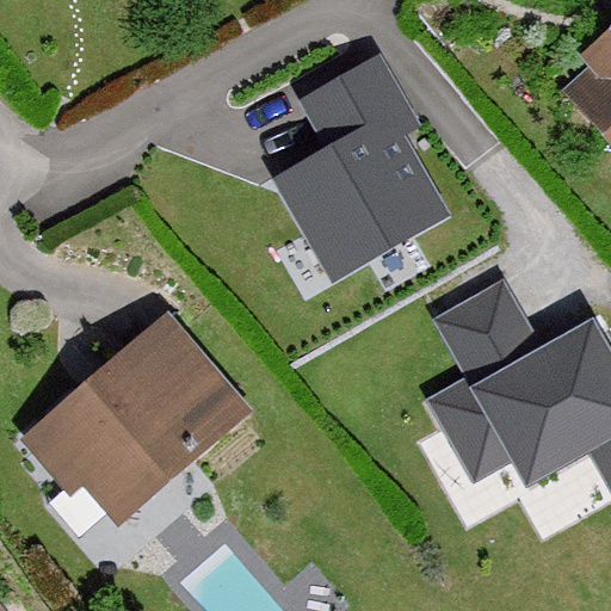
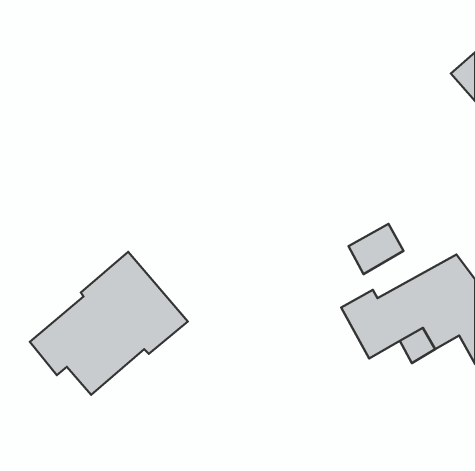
building: [290,64,438,264] -> none

